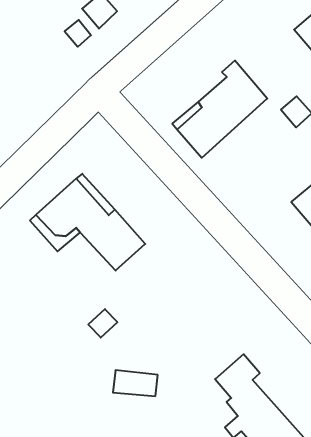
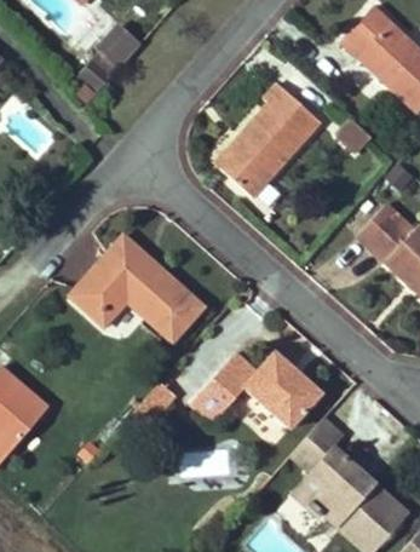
building: none -> [190,347,318,425]

